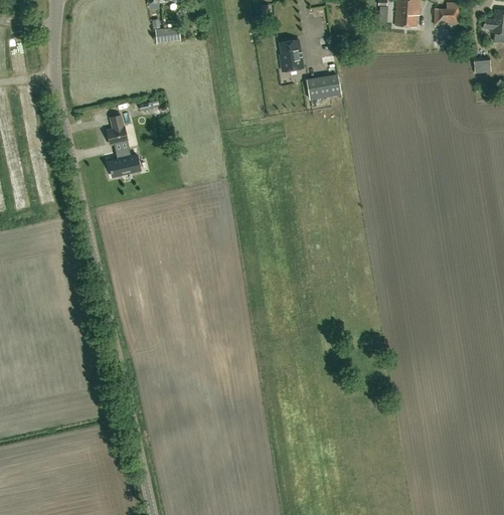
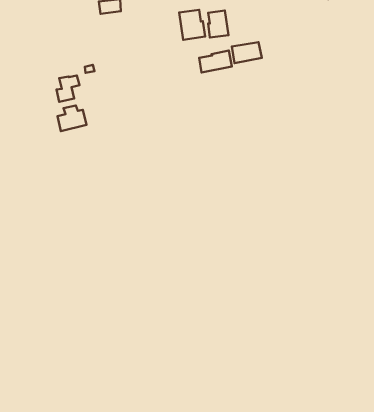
building: none -> [179,10,205,40]
building: none -> [199,51,232,72]

